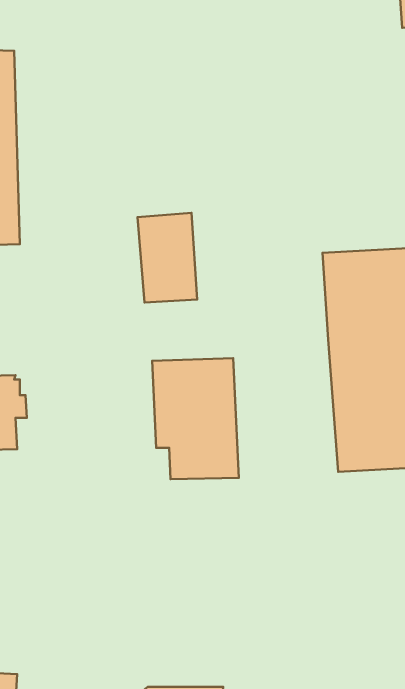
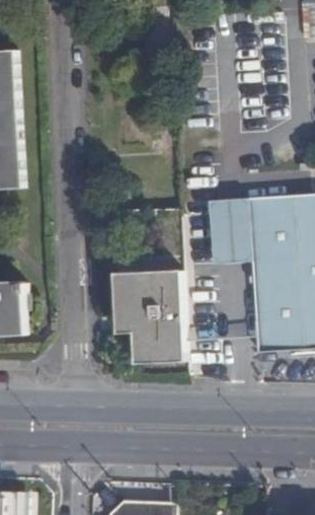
building: [138,213,197,302] -> [207,195,249,259]

